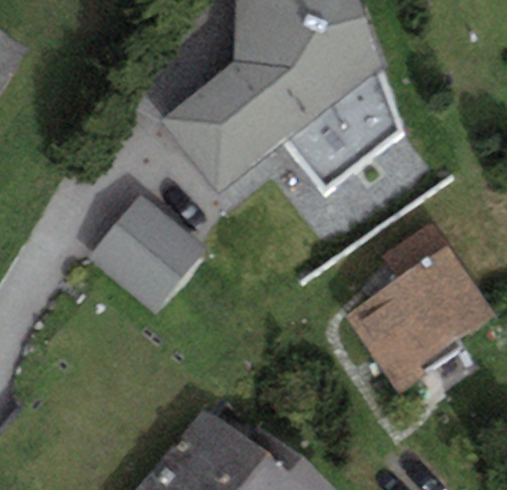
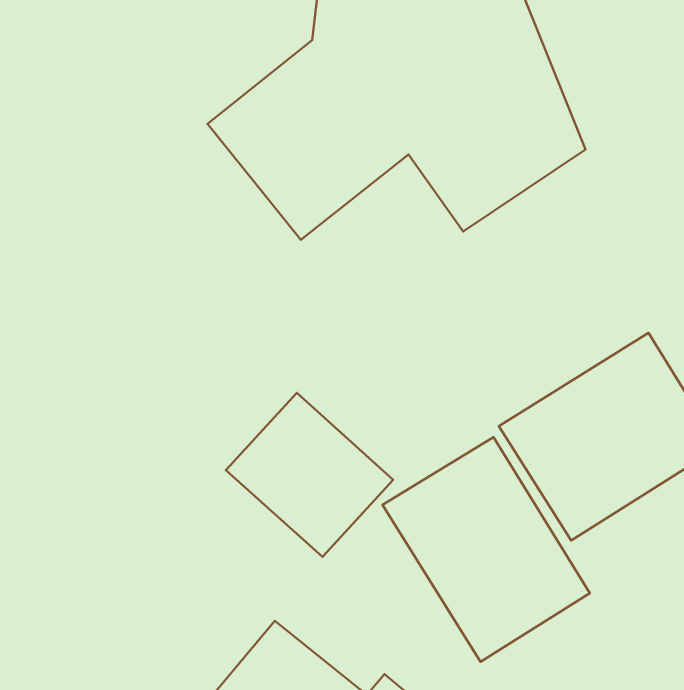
building: [96,200,200,303] -> [226,393,393,557]
building: none -> [383,437,590,662]

